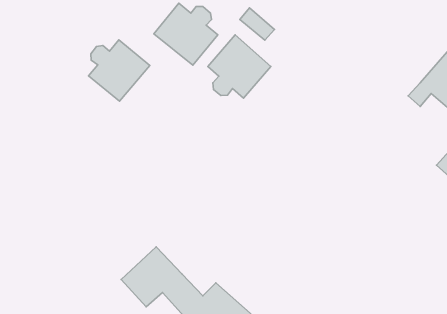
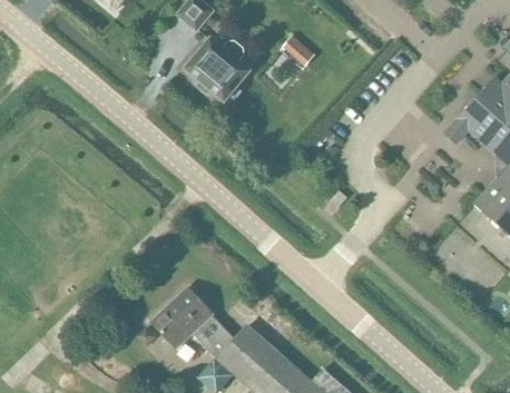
building: [208,35,271,98] -> none
building: [89,40,150,101] -> none

